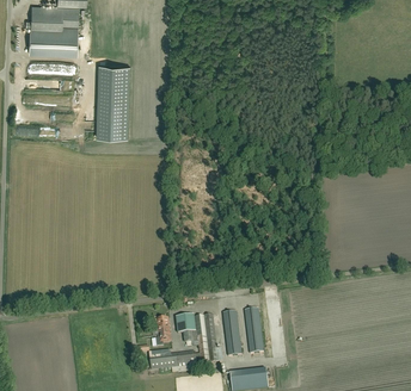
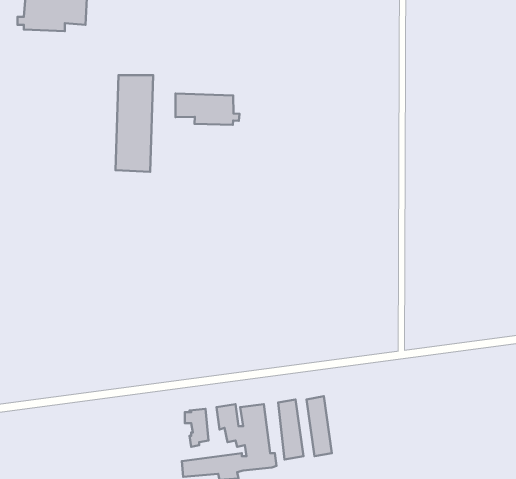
building: [29,26,76,57] -> none
building: none -> [176,94,239,125]

